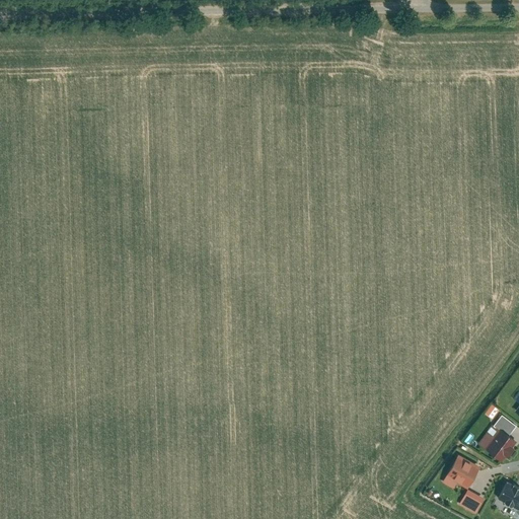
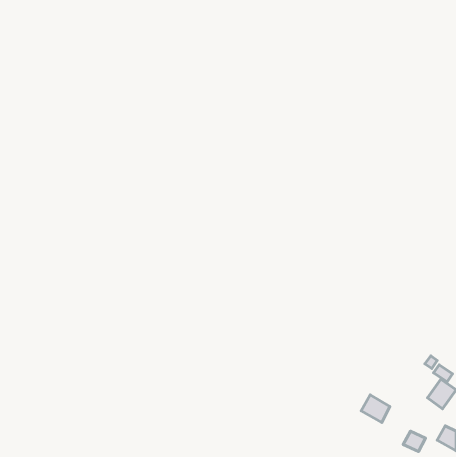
building: [447,456,479,488] -> [361,395,390,423]

